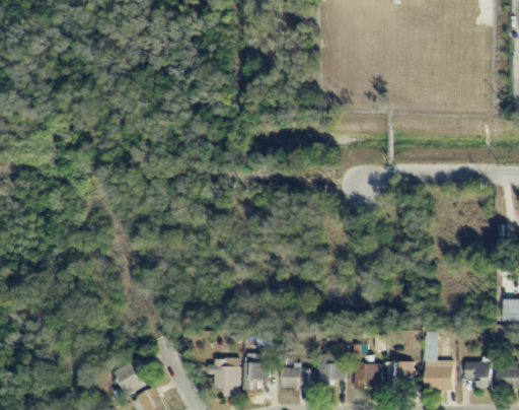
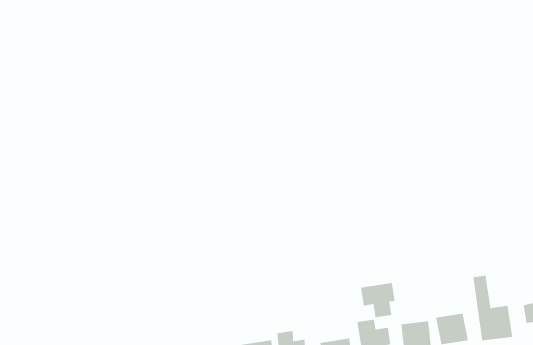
building: none -> [360,282,395,318]

